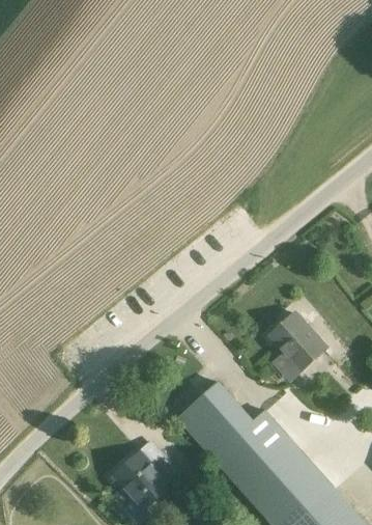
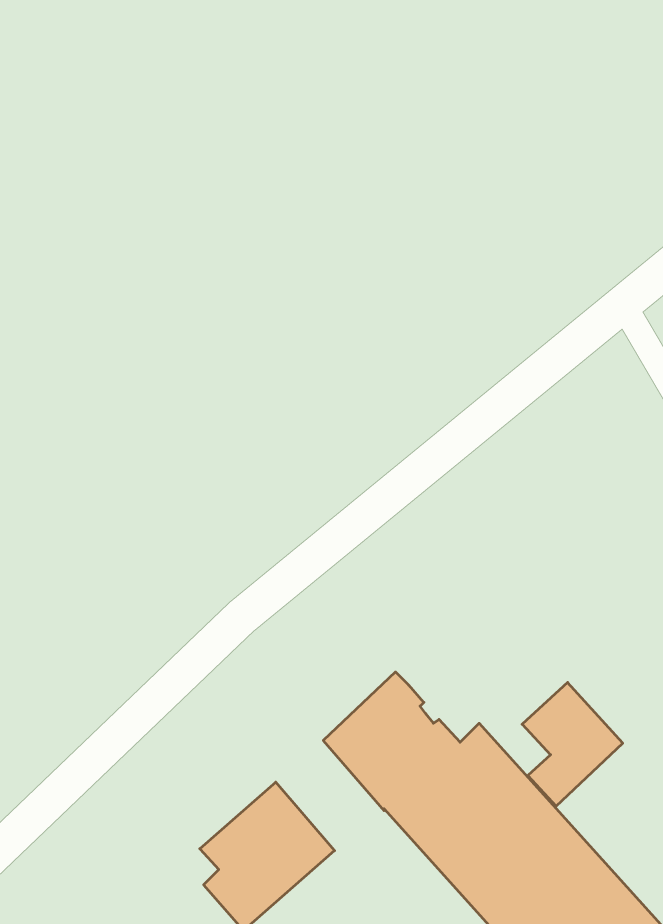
building: [268,311,323,379] -> [522,682,623,806]

